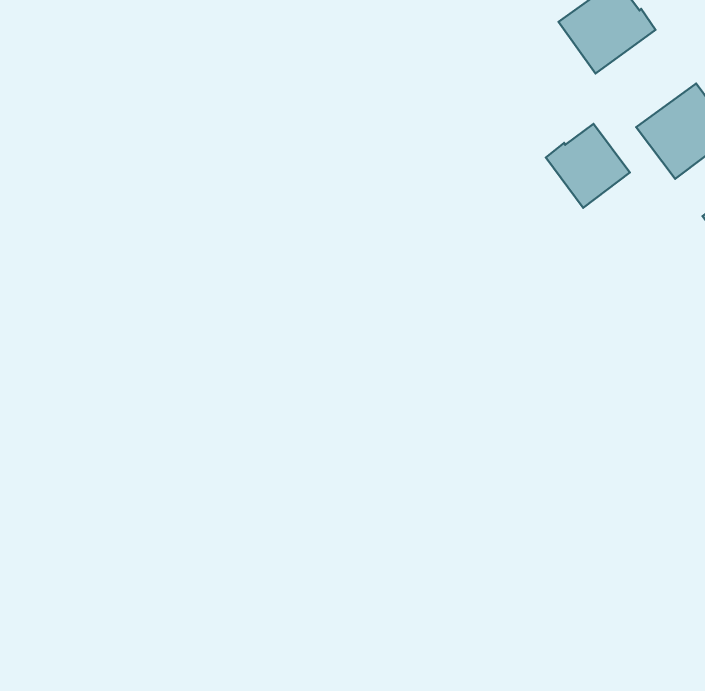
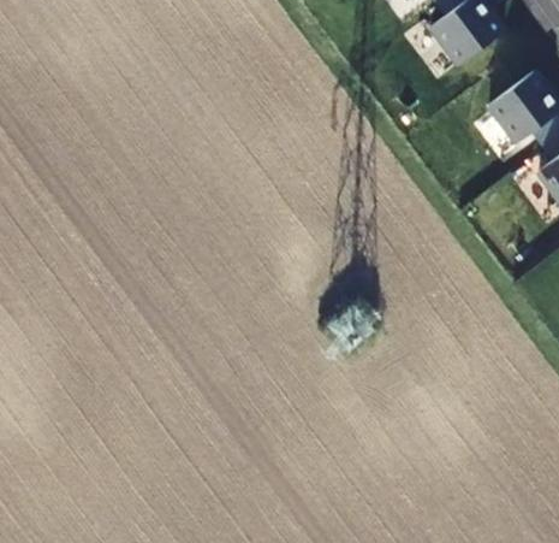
building: [546,124,630,208] -> none

